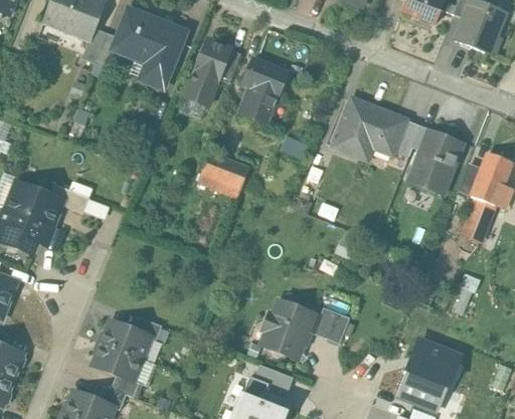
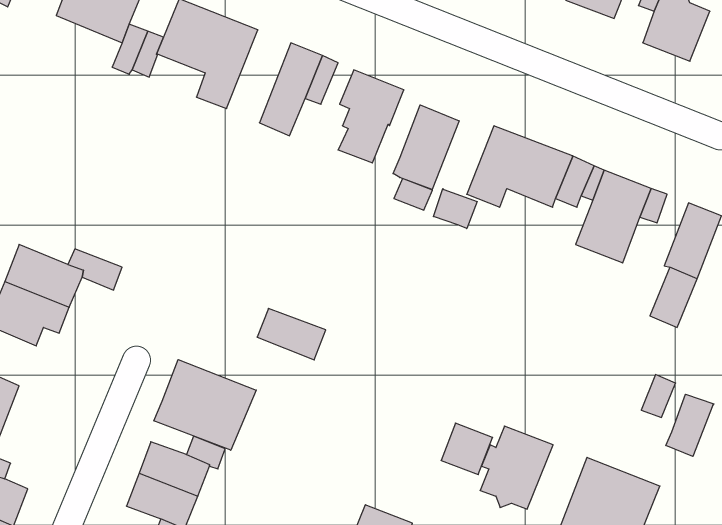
building: none -> [393,105,459,189]
building: none -> [433,189,477,229]
building: [200,153,248,189] -> [257,308,326,360]
building: none -> [154,360,256,450]
building: none -> [666,394,714,456]
building: [262,300,313,359] -> [480,426,553,509]

